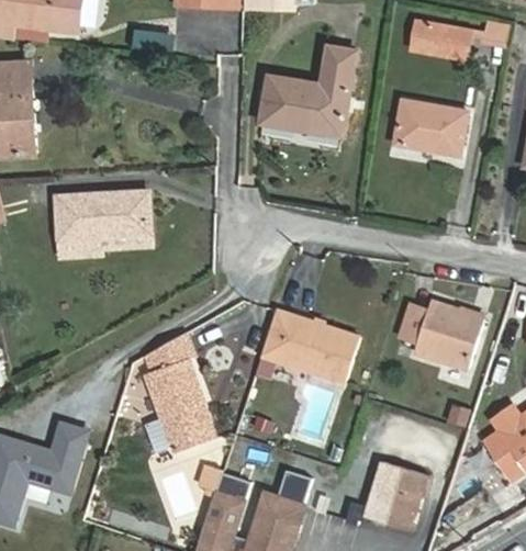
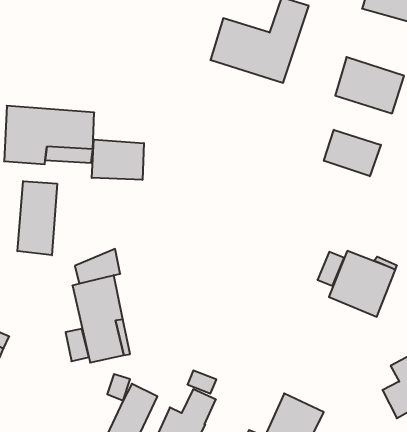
building: none -> [324,130,381,176]
building: none -> [92,139,144,180]
building: none -> [17,181,57,255]
building: [258,311,358,382] -> none

